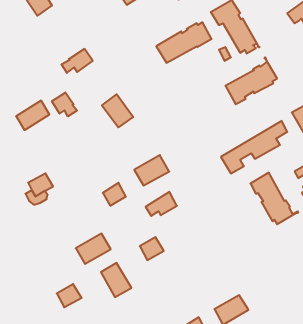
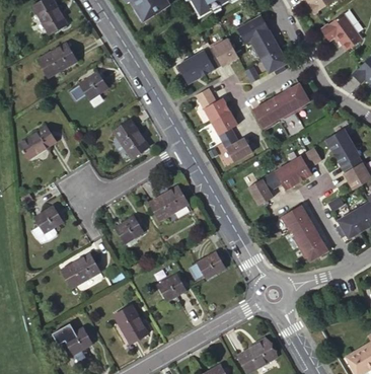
building: none -> [38,42,75,75]
building: none -> [196,88,252,162]
building: [52,92,77,116] -> none
building: [146,192,177,216] -> [191,251,225,278]
building: [76,234,111,264] -> [63,253,101,287]

